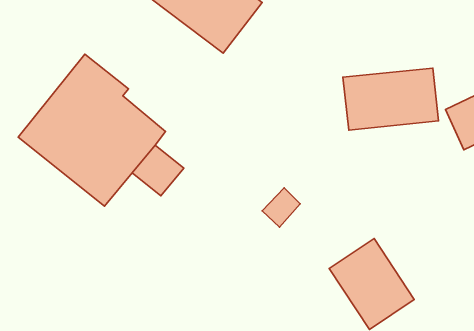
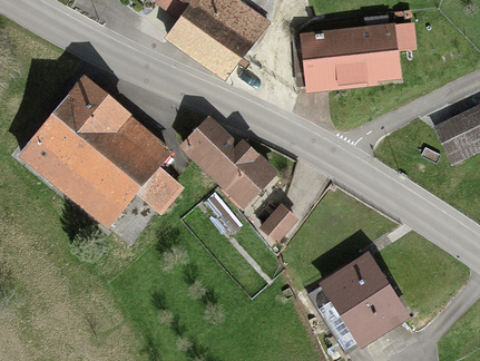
building: [343,68,439,130] -> [306,27,399,87]
building: none -> [180,119,270,203]

